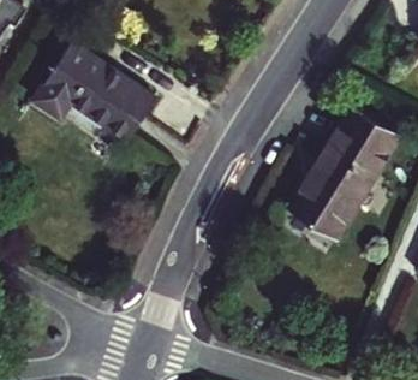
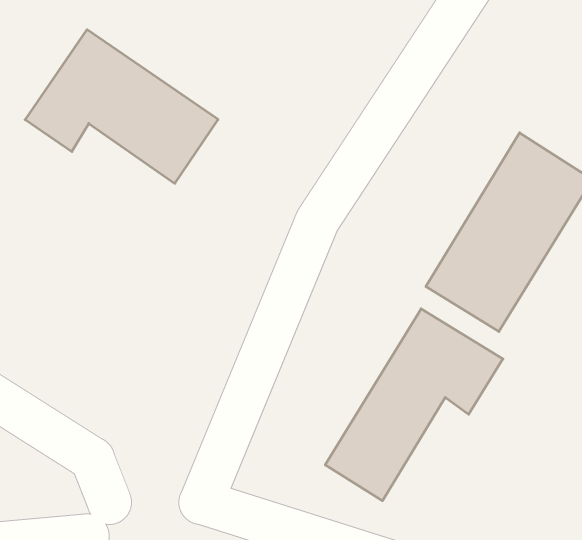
building: none -> [325,309,503,501]

